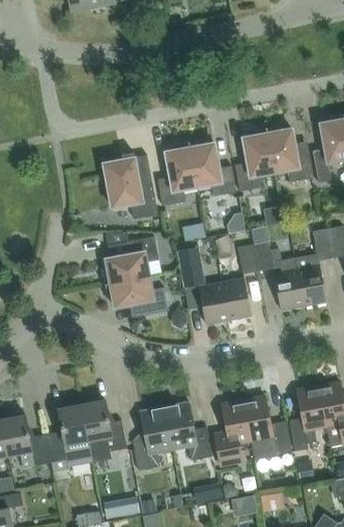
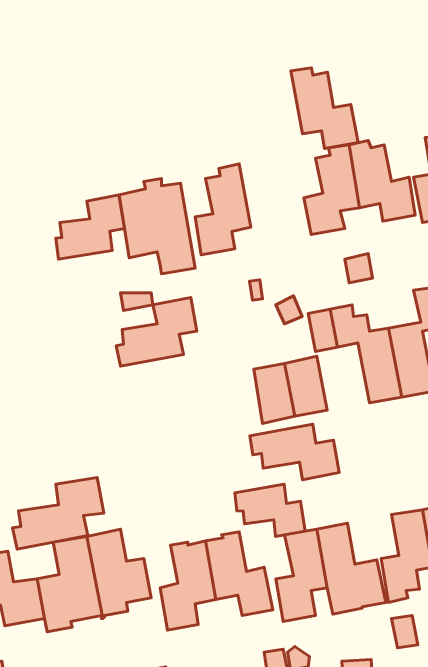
building: [189,140,236,197] -> [291,68,358,149]
building: none -> [56,195,125,259]
building: [176,246,205,288] -> none
building: [105,276,168,316] -> [250,424,339,480]
building: none -> [13,478,104,549]
building: none -> [235,484,305,537]

